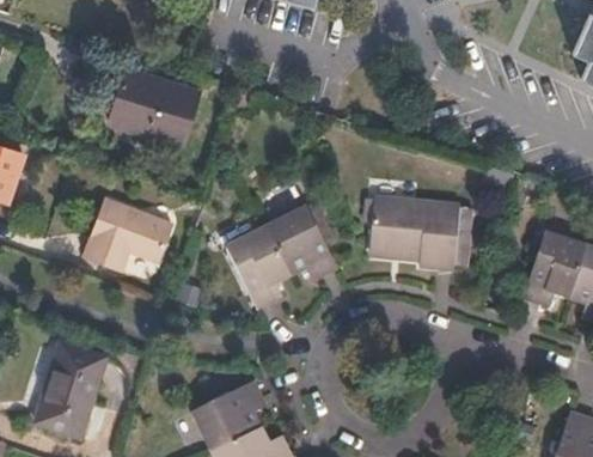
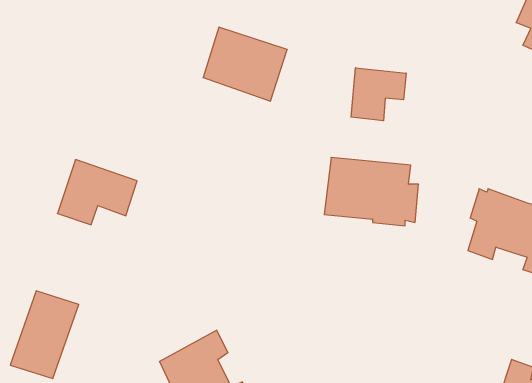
building: [106,67,196,146] -> [203,27,287,101]
building: none -> [351,68,406,121]
building: [226,207,337,309] -> none

